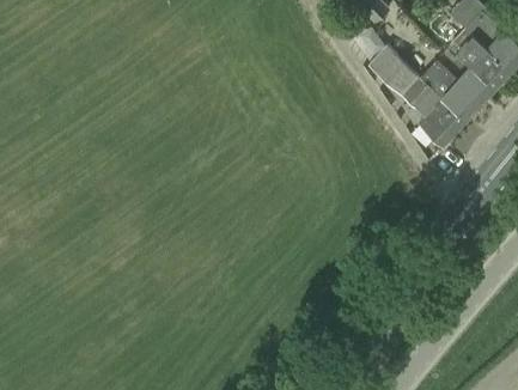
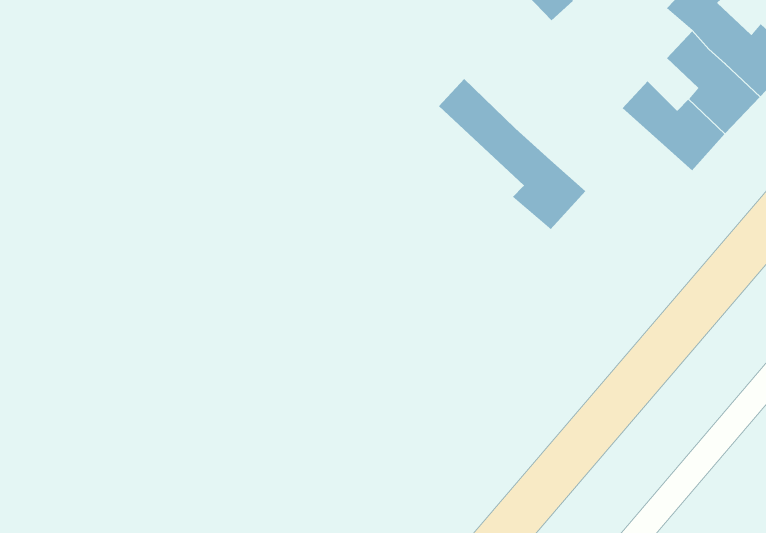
building: [370,47,465,145] -> [438,78,586,230]

